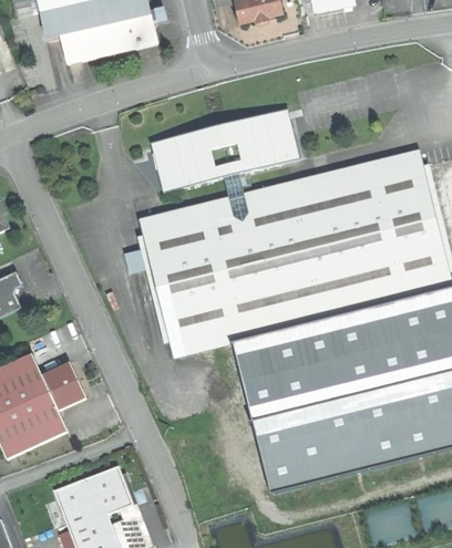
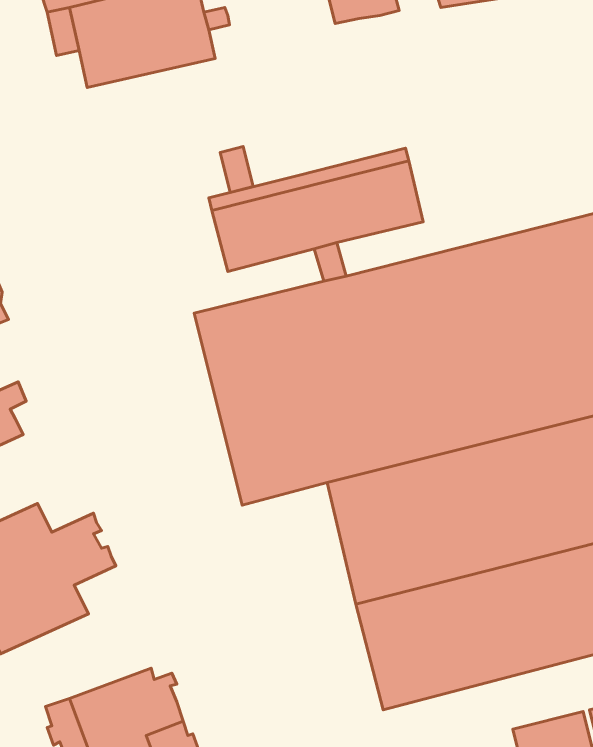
building: none -> [220,147,253,192]

